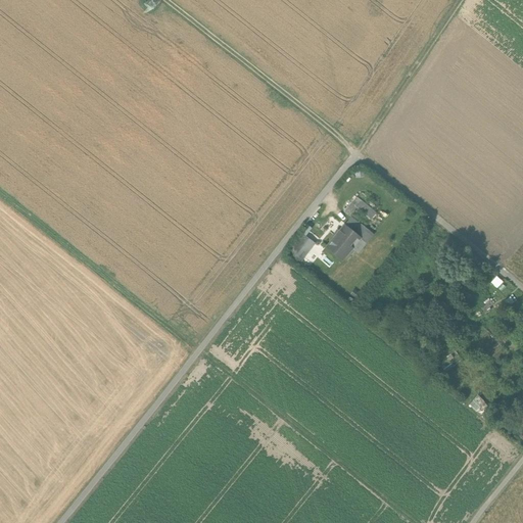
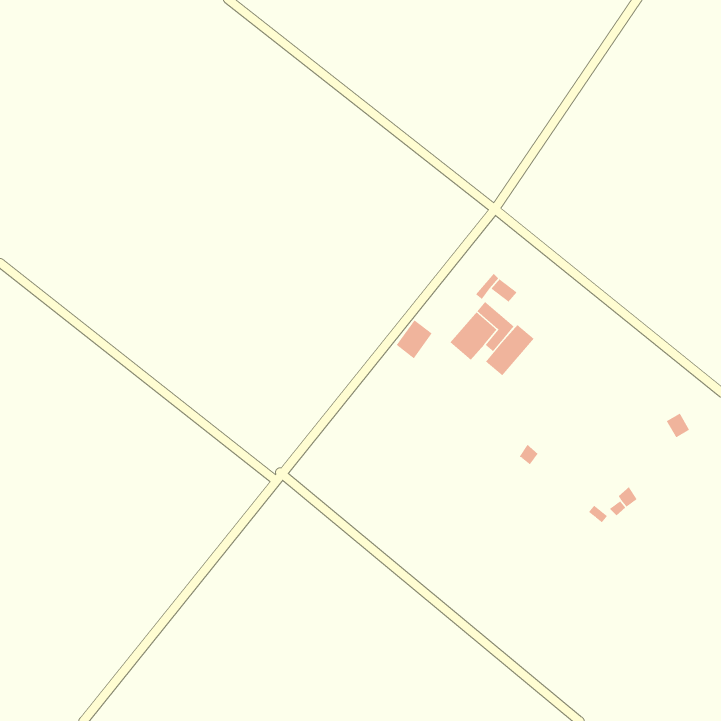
building: none -> [485,324,534,376]

